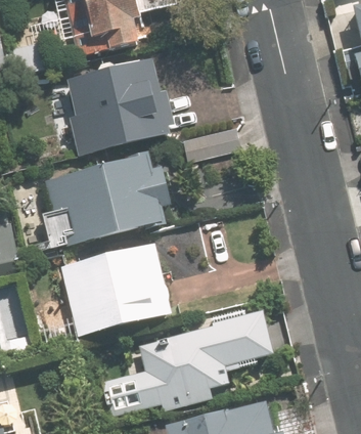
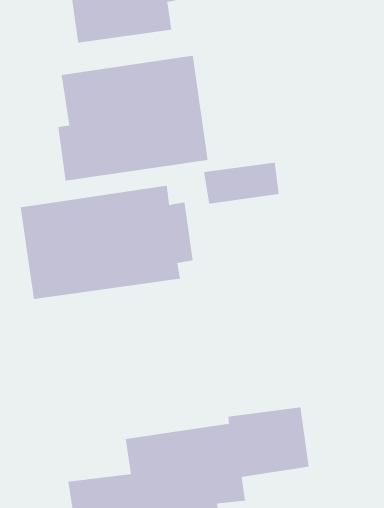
building: [57,242,175,336] -> none

